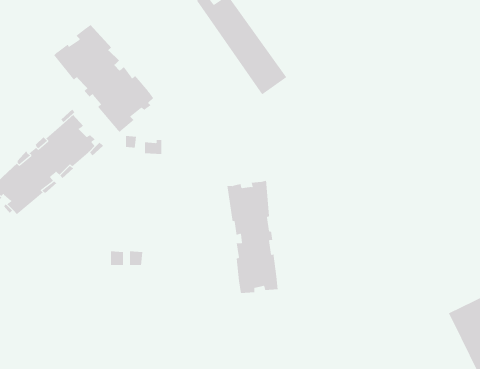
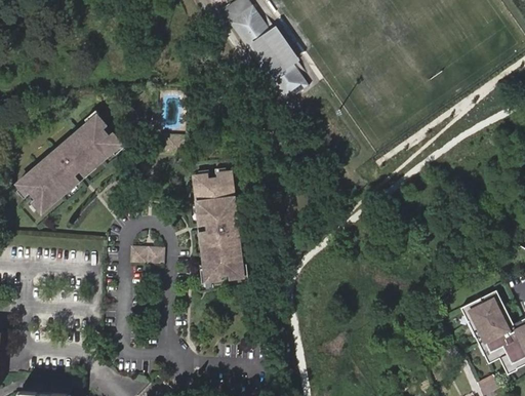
building: [54,24,154,133] -> none
building: [226,180,278,294] -> [195,170,245,280]

